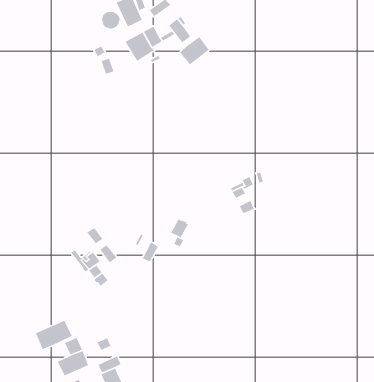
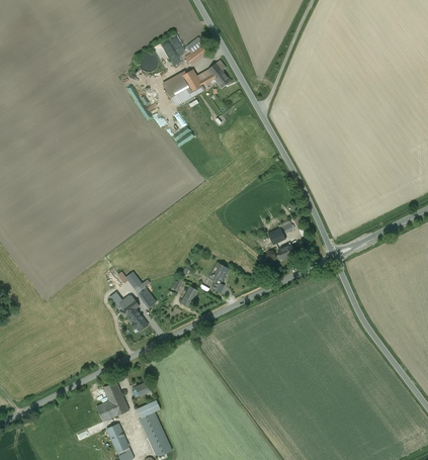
building: [179,36,210,65] -> none
building: [35,320,73,350] -> none

